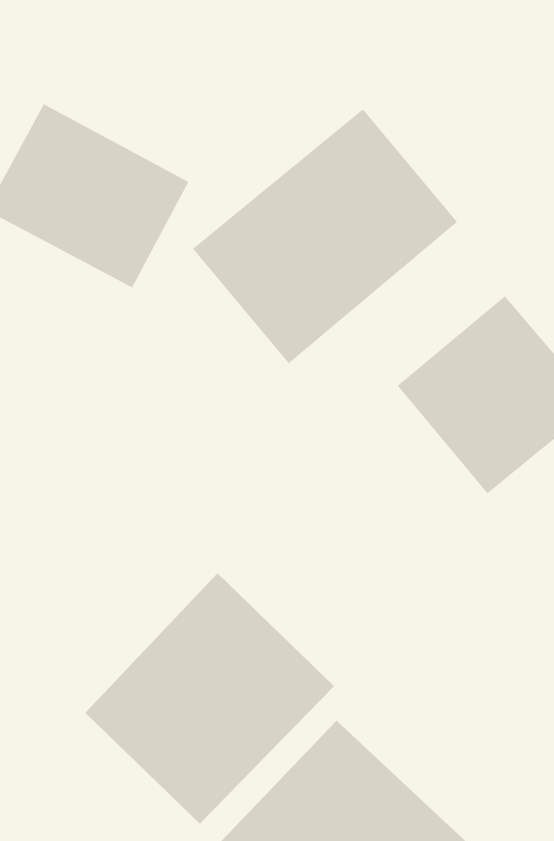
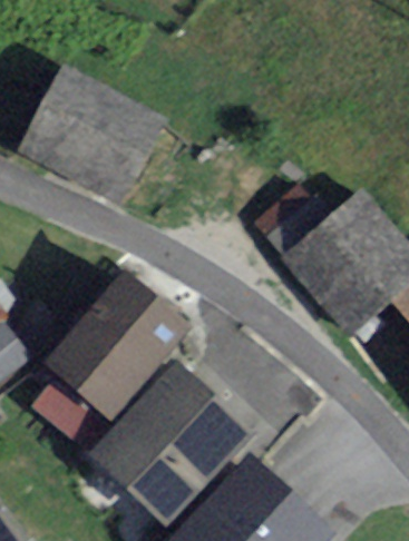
building: [192,108,458,364] -> none
building: none -> [42,274,189,423]

